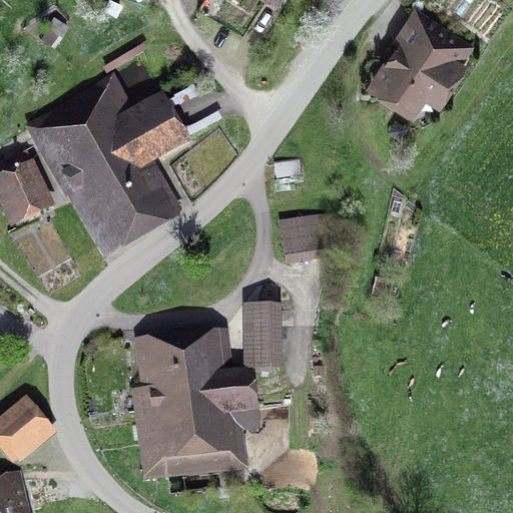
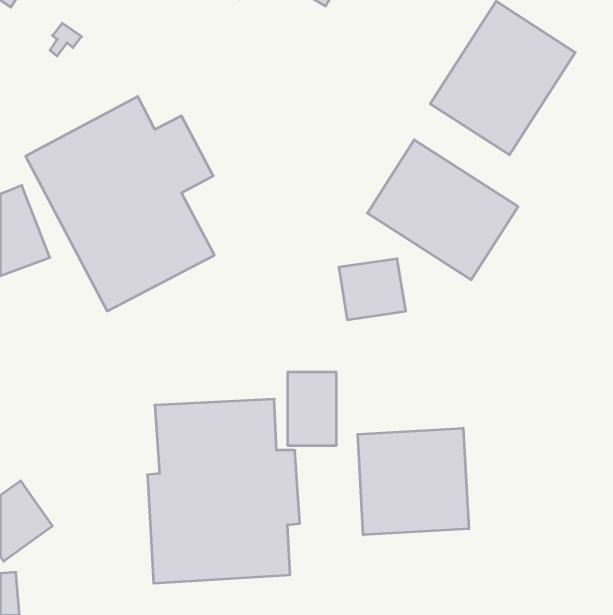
building: none -> [367,140,518,280]
building: none -> [358,428,469,535]

